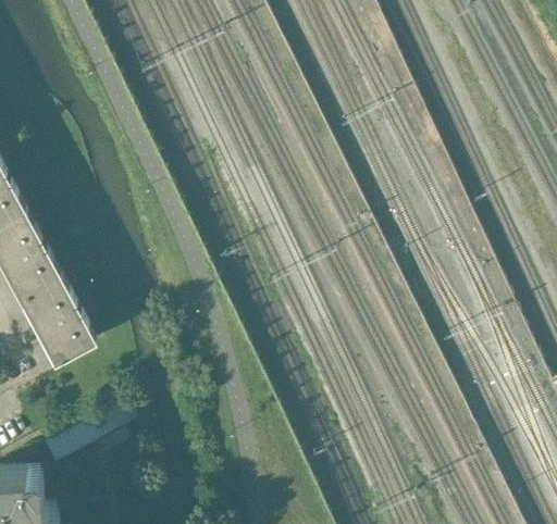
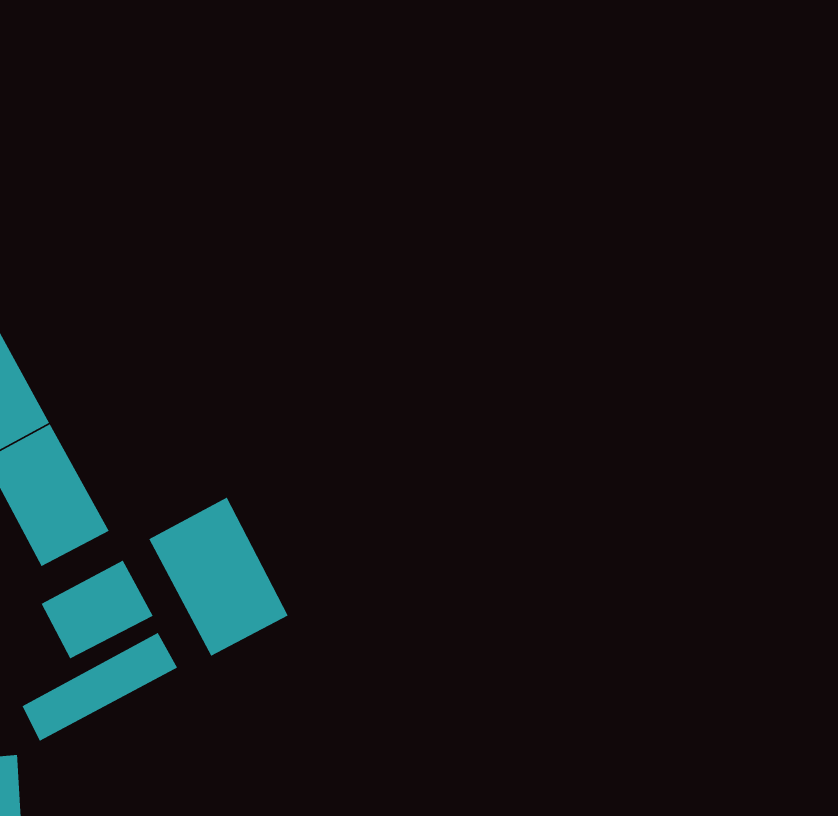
building: none -> [148,496,289,657]
building: none -> [40,559,154,659]

